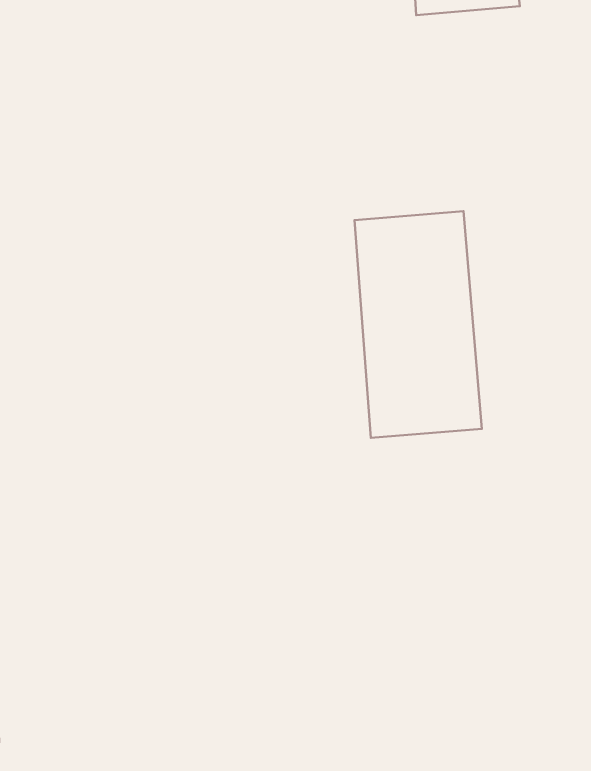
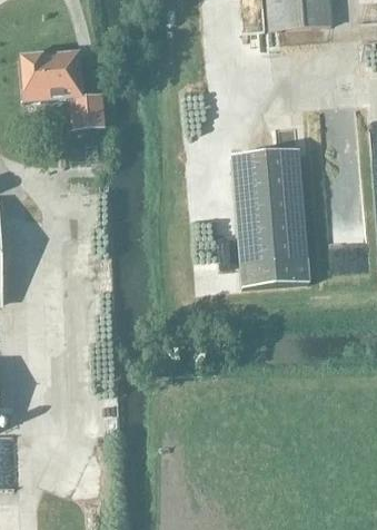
building: none -> [19,52,105,129]

